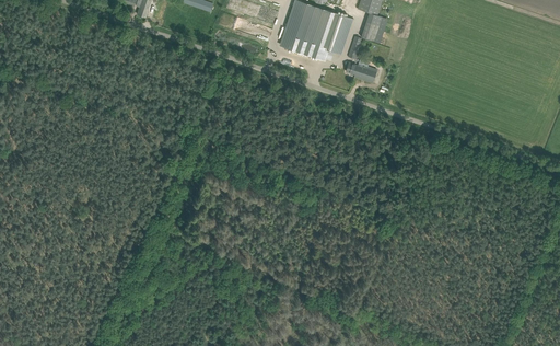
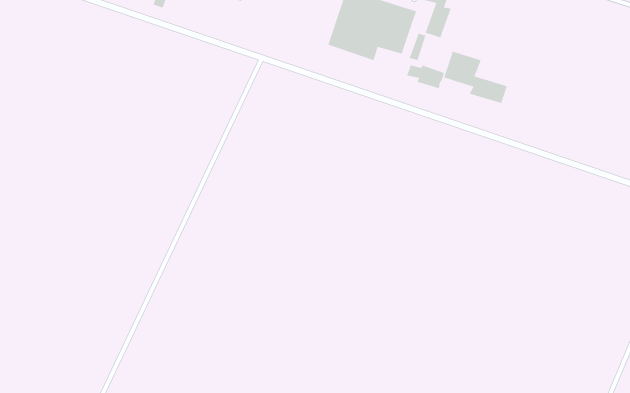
building: none -> [443,51,508,104]

